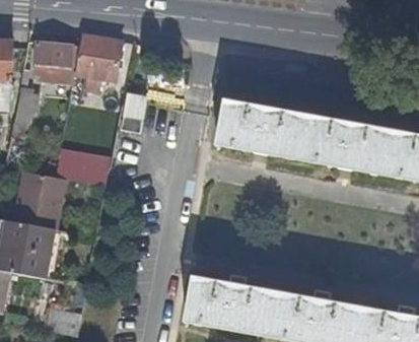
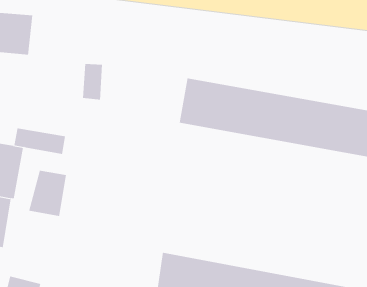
building: [68,33,116,95] -> none
building: none -> [28,170,67,217]

